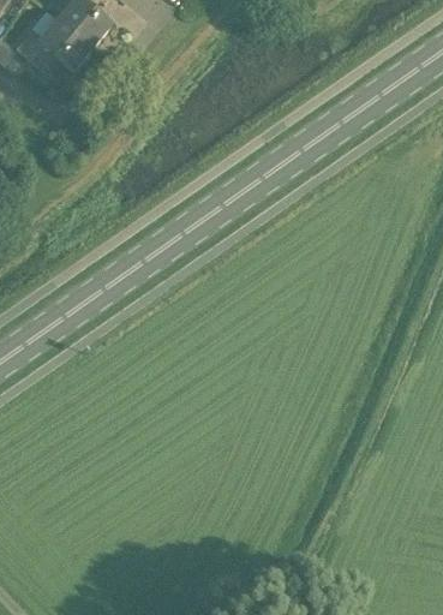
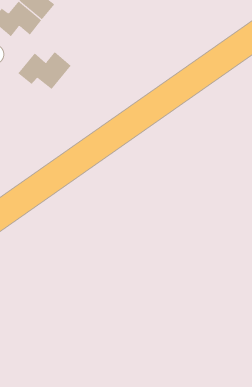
building: none -> [18,51,71,90]

